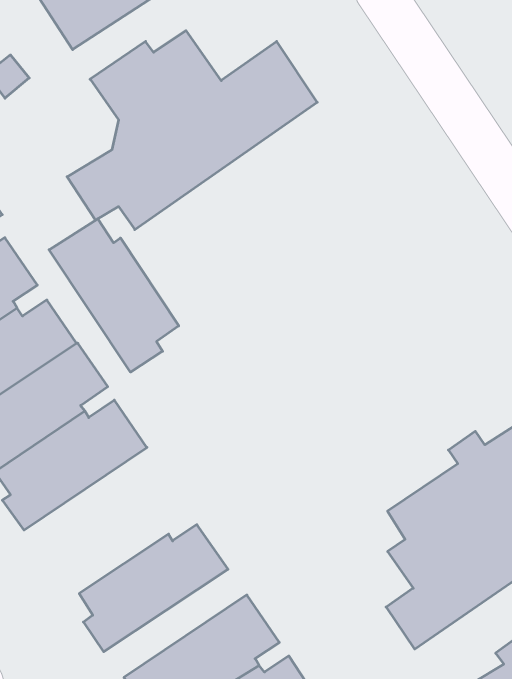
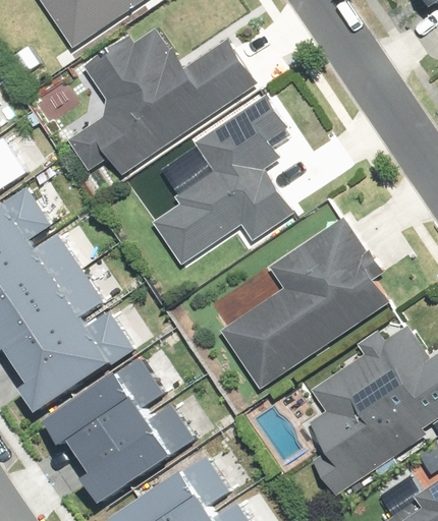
building: none -> [153,112,295,265]
building: [49,219,179,372] -> none
building: none -> [221,219,389,389]
building: none -> [43,356,160,454]

